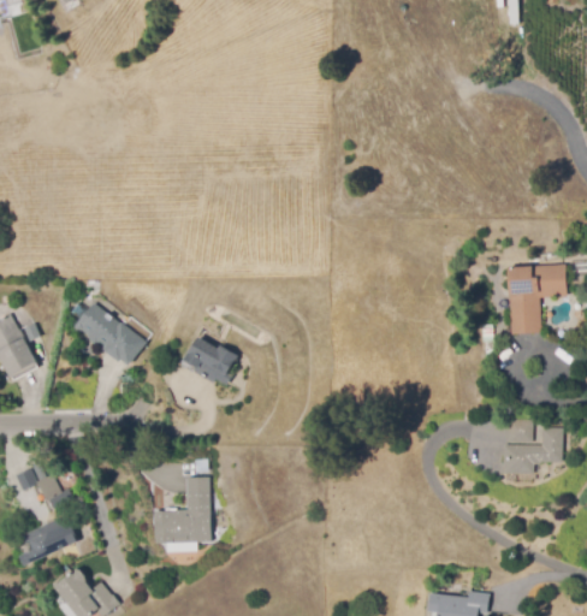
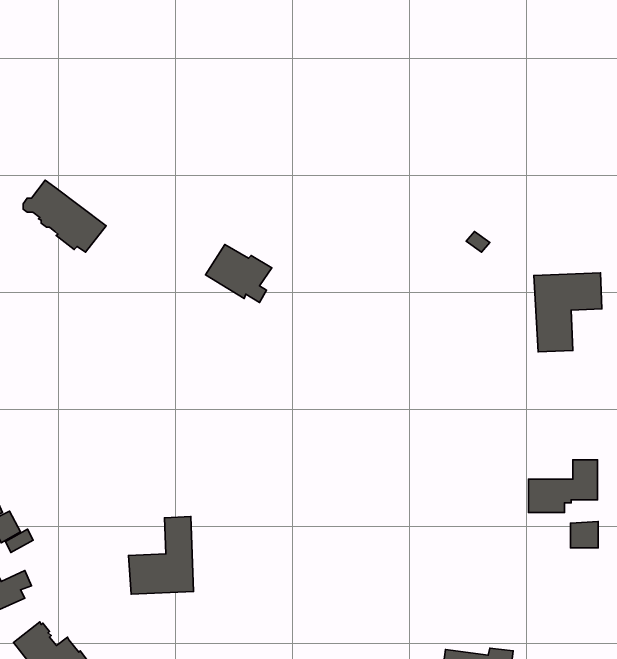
building: [75,302,147,365] -> [23,180,106,252]
building: [179,333,237,384] -> [206,244,272,303]
building: [508,419,532,442] -> [571,522,598,548]

